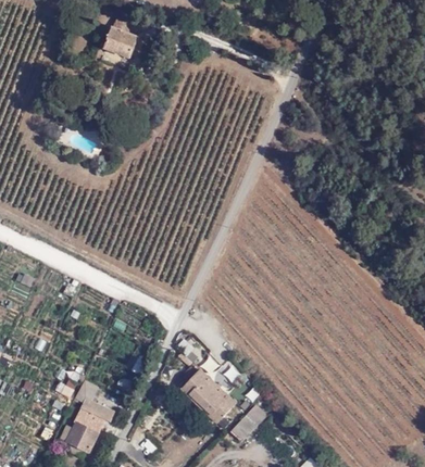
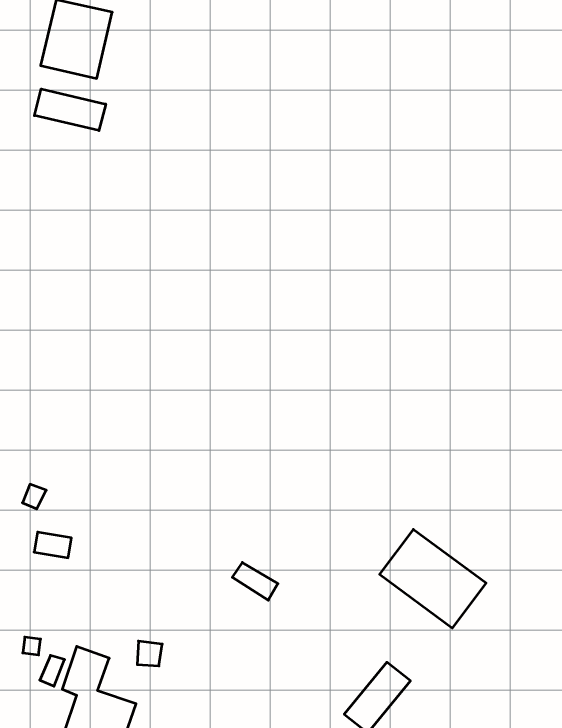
building: none -> [34,89,106,131]
building: [177,370,236,428] -> [380,529,486,628]

